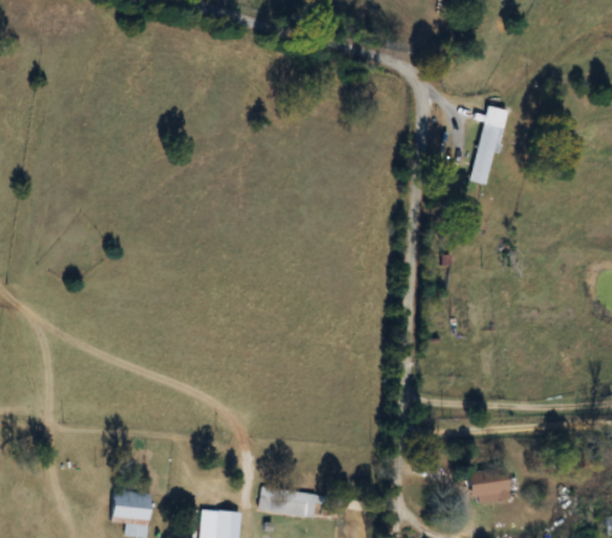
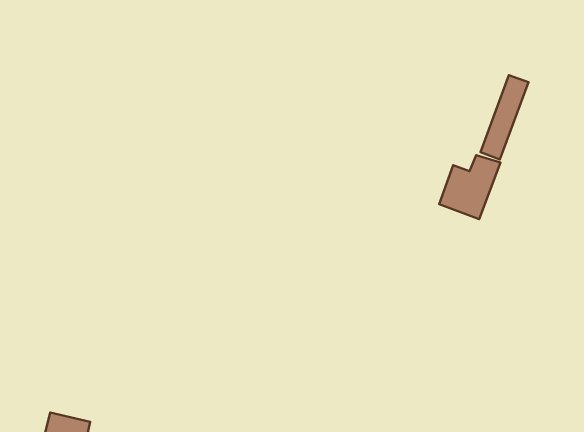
building: none -> [439,155,501,219]

